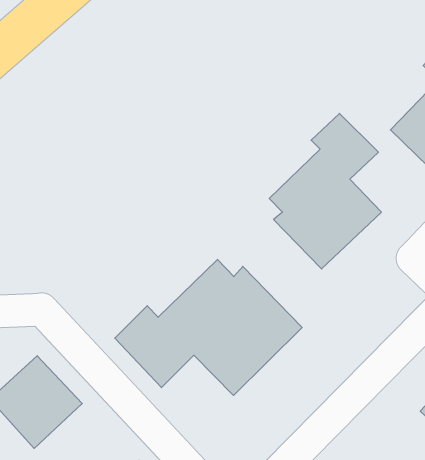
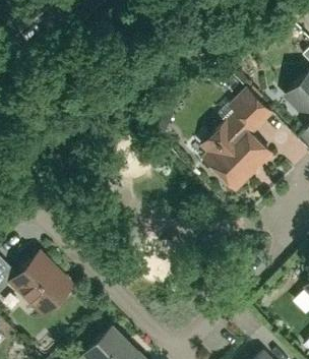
building: [115,259,302,395] -> none

